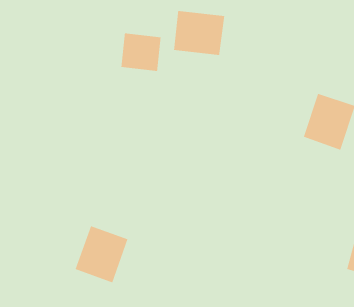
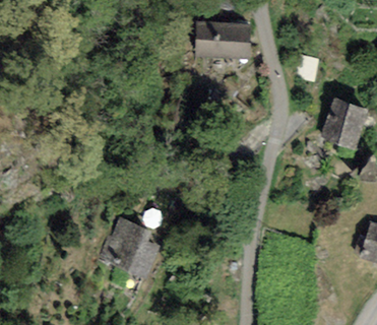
building: [120,33,162,72] -> none

